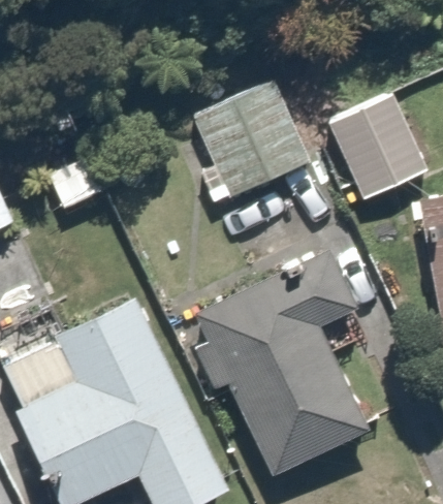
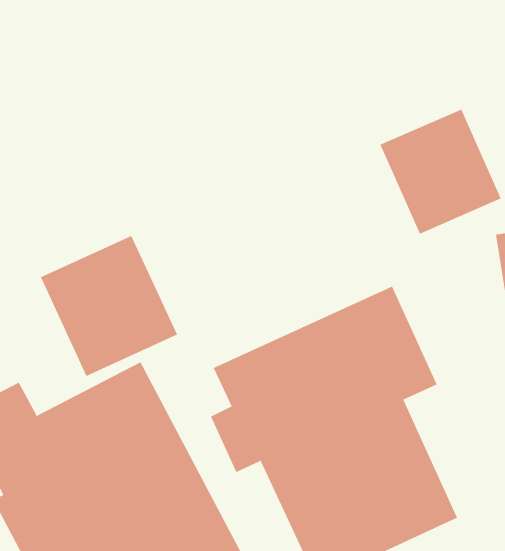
building: [190,75,318,211] -> none
building: none -> [40,235,178,377]

